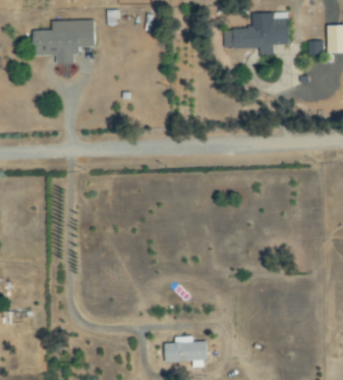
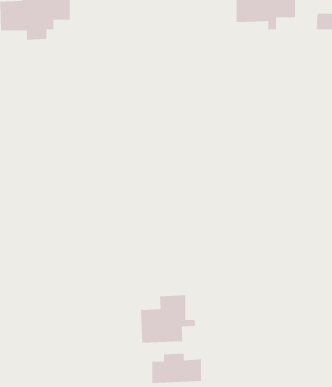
building: none -> [140,295,195,344]

